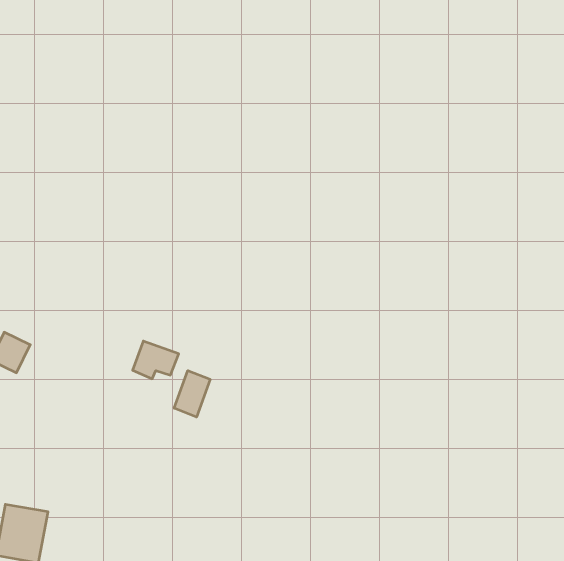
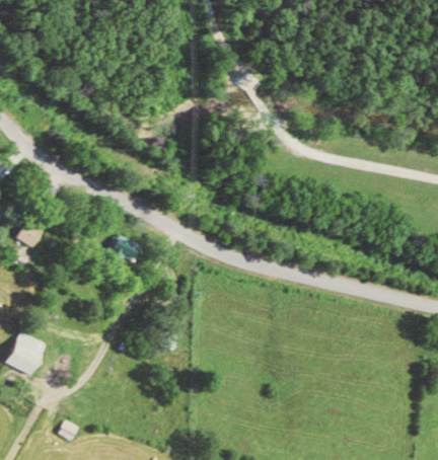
building: [174,371,210,417] -> none

